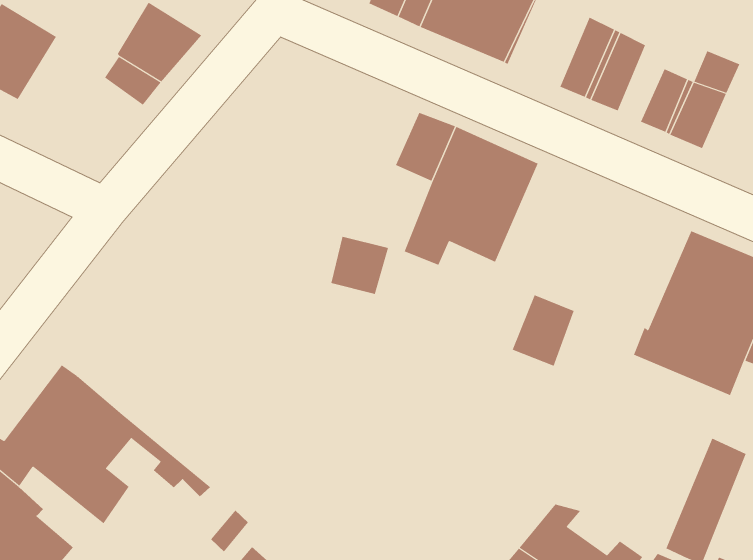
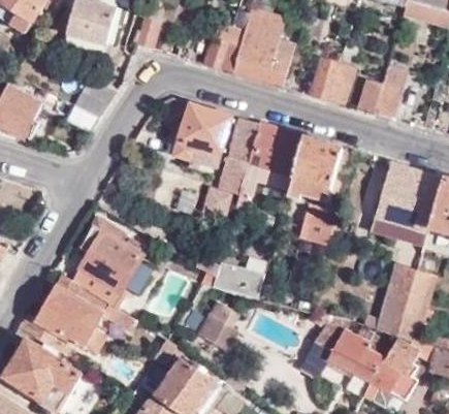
building: none -> [172,102,230,168]
building: none -> [287,137,342,201]
building: none -> [72,219,143,298]
building: none -> [212,260,264,298]
building: none -> [376,263,416,335]
building: none -> [196,300,238,351]

